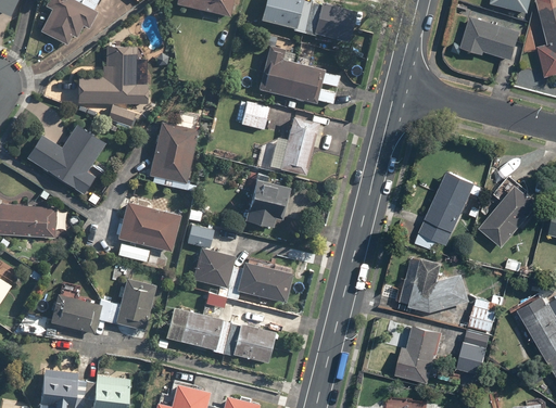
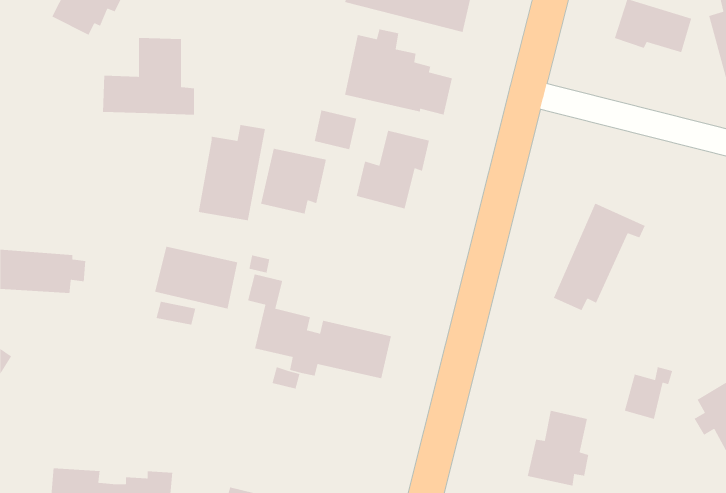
building: [105,103,136,127] -> none
building: [24,125,104,194] -> none
building: [239,177,289,227] -> [260,148,327,214]
building: [480,183,539,246] -> none
building: [401,255,470,310] -> none
building: [48,277,154,334] -> none
building: [164,306,275,364] -> none
building: [458,330,490,373] -> none

